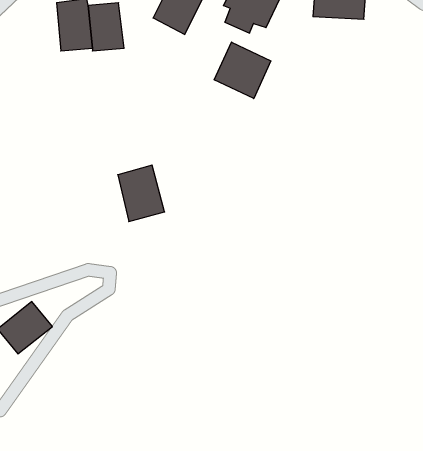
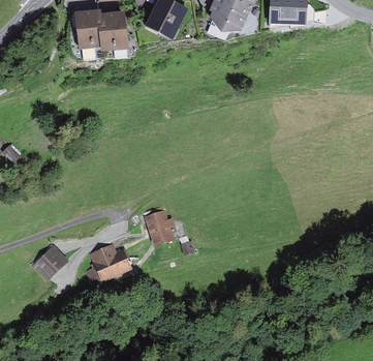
building: [214,42,271,99] -> none
building: [118,165,165,222] -> [145,204,180,246]
building: none -> [87,240,133,287]

